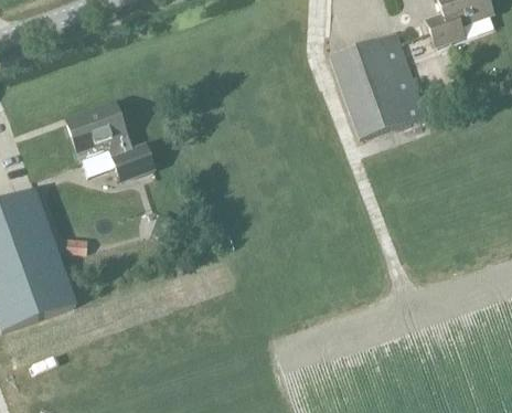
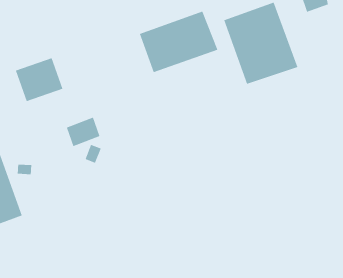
building: none -> [139,10,219,73]
building: [110,142,154,181] -> [66,117,100,147]

